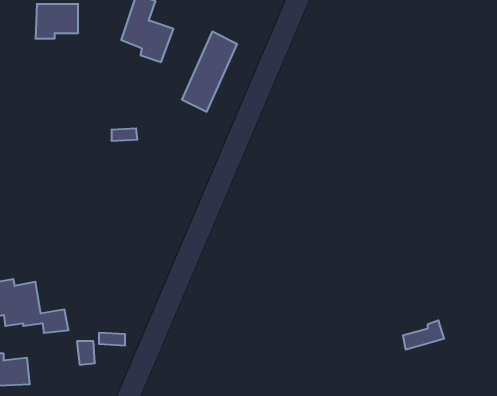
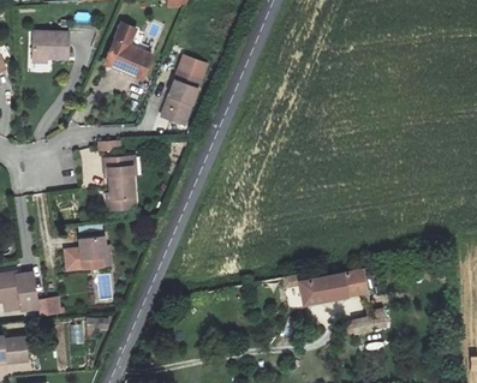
building: none -> [103,155,136,209]
building: none -> [64,240,112,270]
building: none -> [302,269,365,307]

